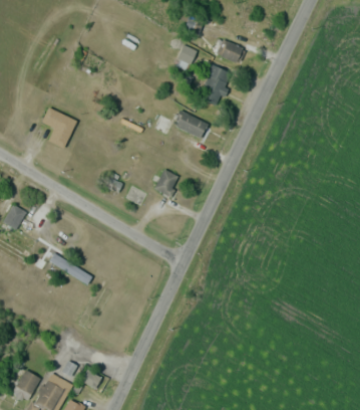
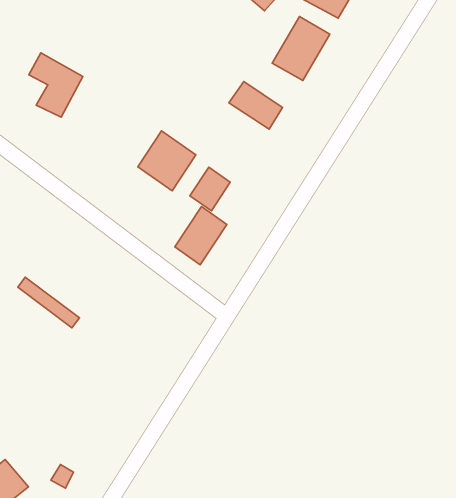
building: none -> [138,131,196,191]
building: none -> [175,207,227,265]

